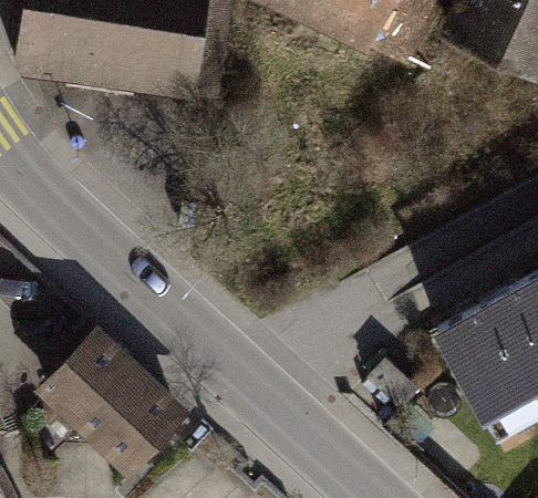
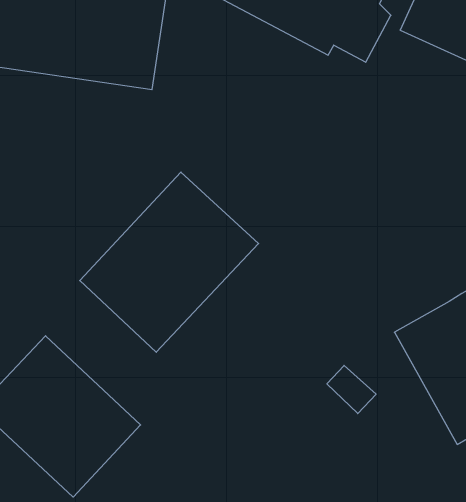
building: none -> [80,172,259,352]

